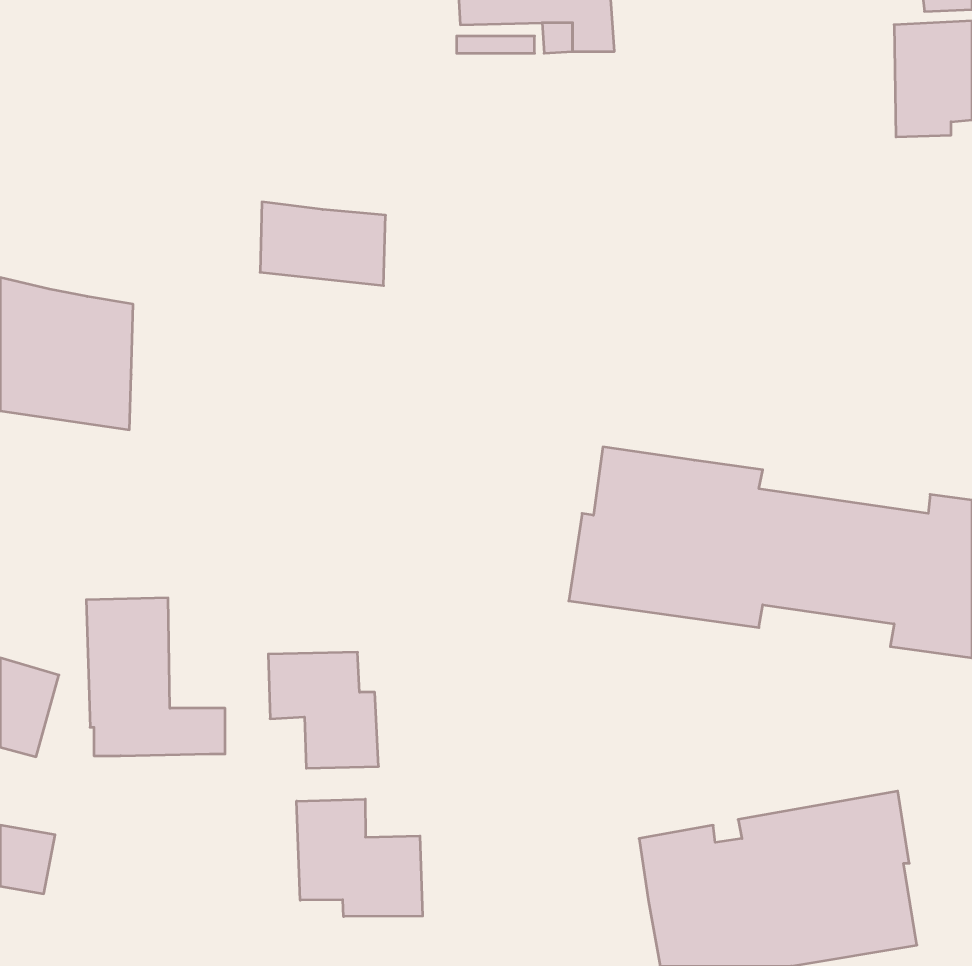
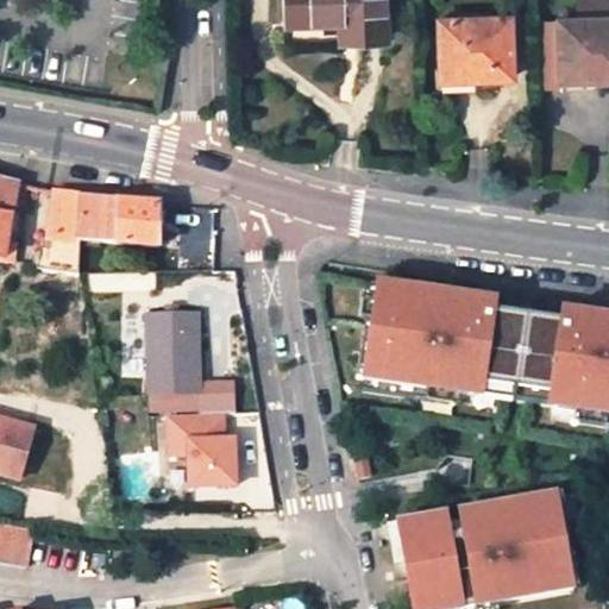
building: none -> [439,14,514,79]
building: [260,202,386,286] -> [82,190,161,243]
building: [86,598,225,756] -> [146,310,233,409]
building: [297,799,423,917] -> none

